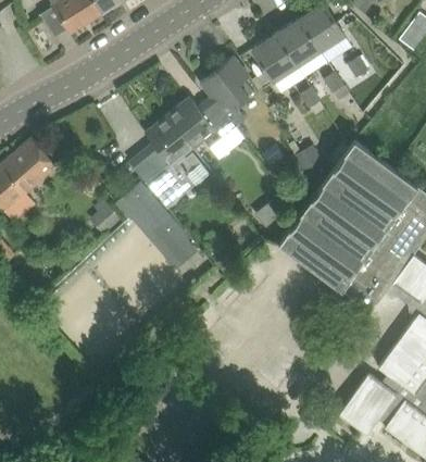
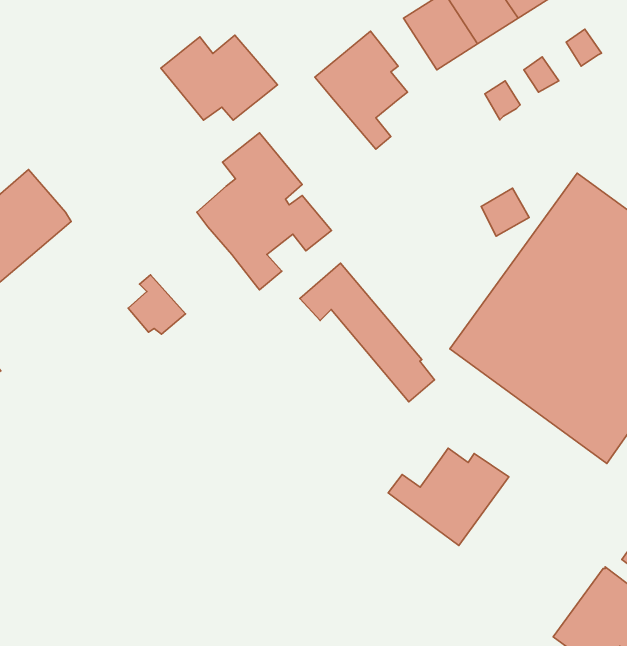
building: [167,97,236,147] -> [161,35,277,120]
building: [116,182,196,263] -> [300,263,435,402]
building: none -> [388,448,509,545]

